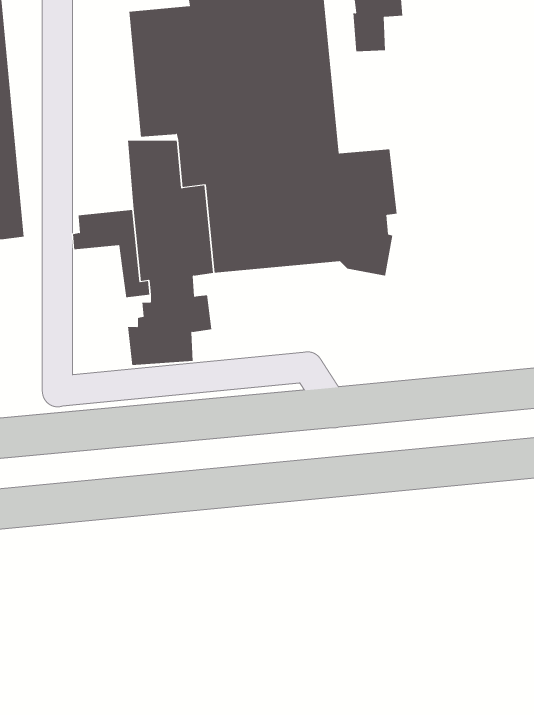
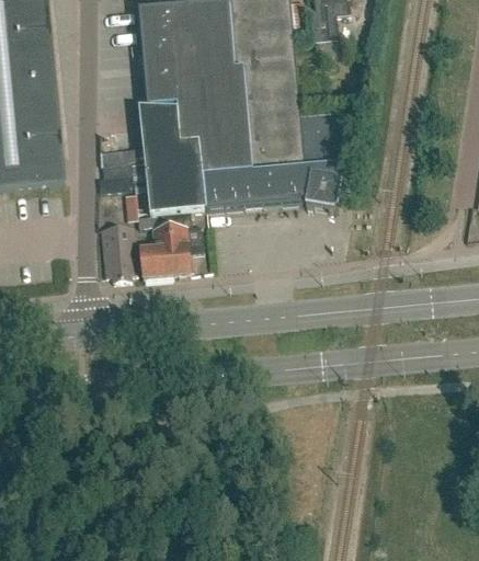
building: none -> [101,225,136,279]

